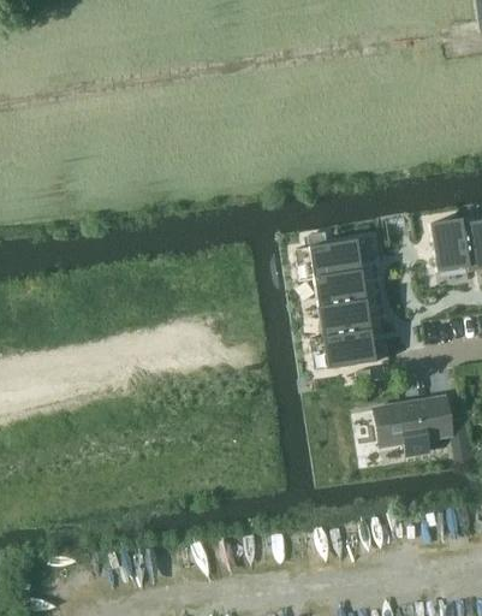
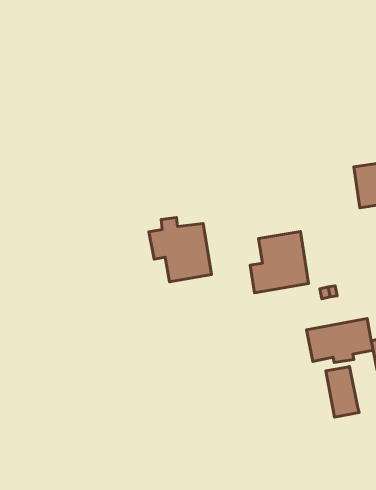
building: [294,231,368,307] -> [149,217,211,282]
building: none -> [326,367,359,417]

